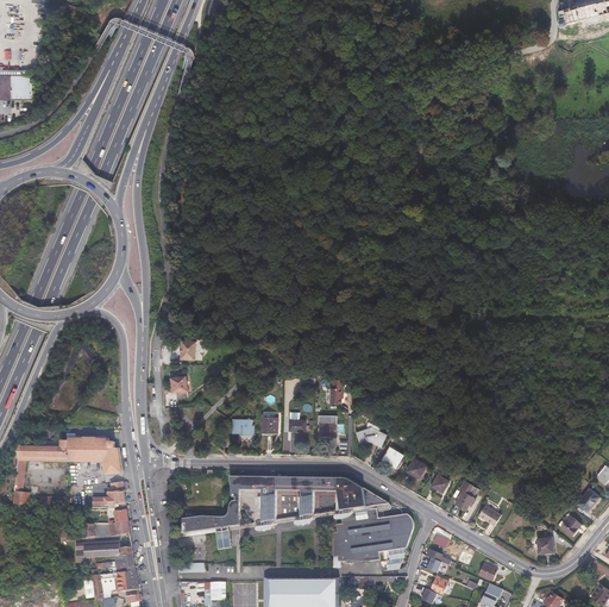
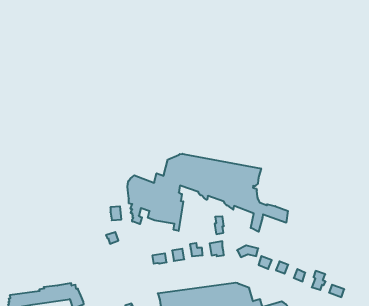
building: none -> [127,154,288,232]

